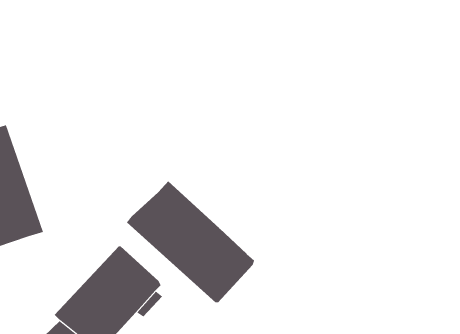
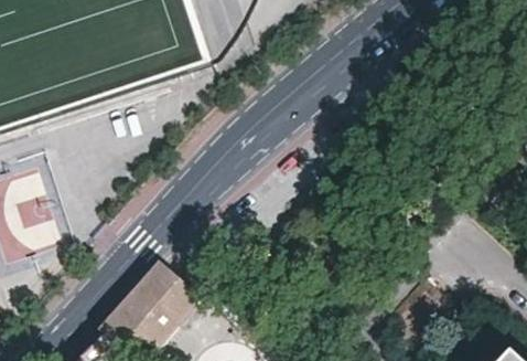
building: [126,181,255,303] -> none

